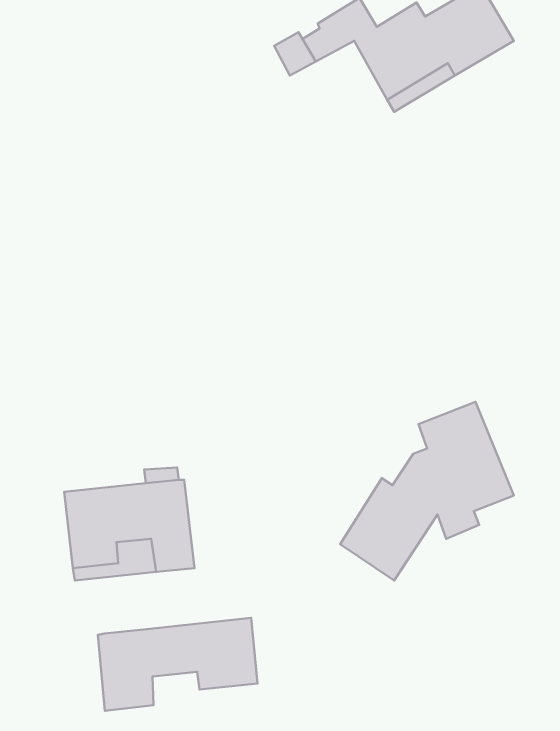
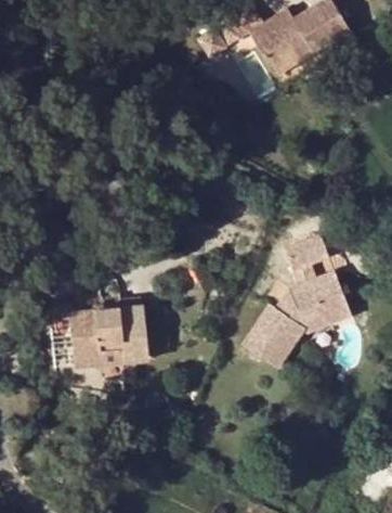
building: none -> [283,235,327,271]
building: [98,618,258,711] -> none

